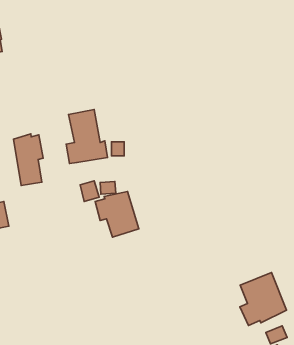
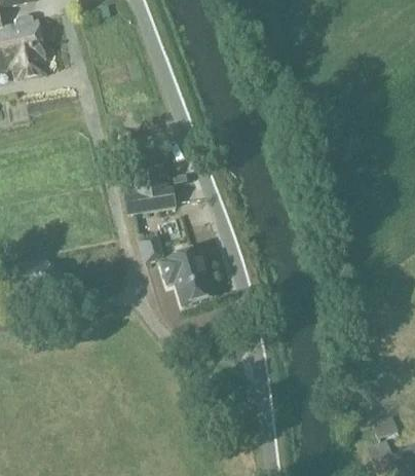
building: [14,134,43,185] -> none
building: [240,273,286,325] -> none

